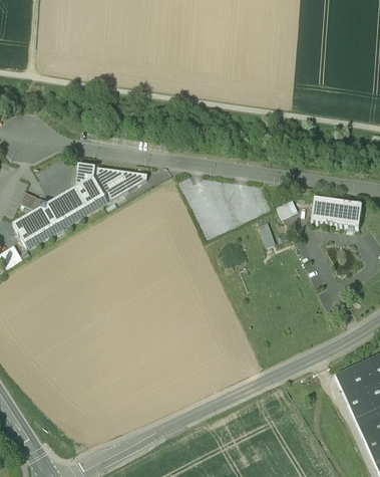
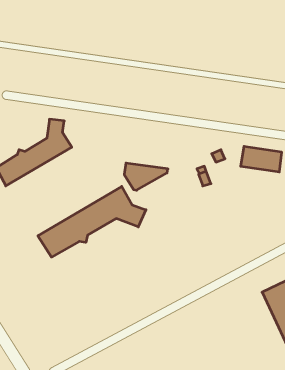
building: [94,166,147,199] -> [124,163,168,190]
building: none -> [38,186,146,257]

